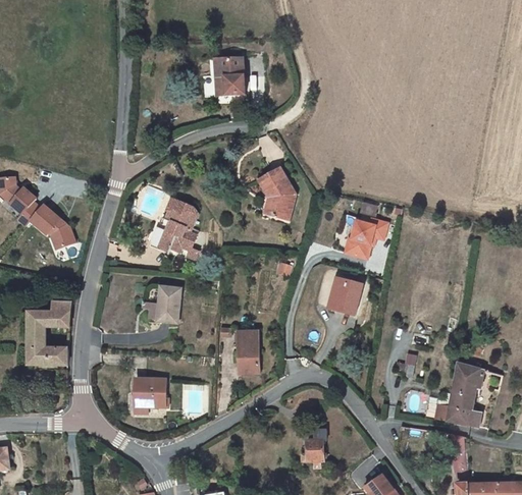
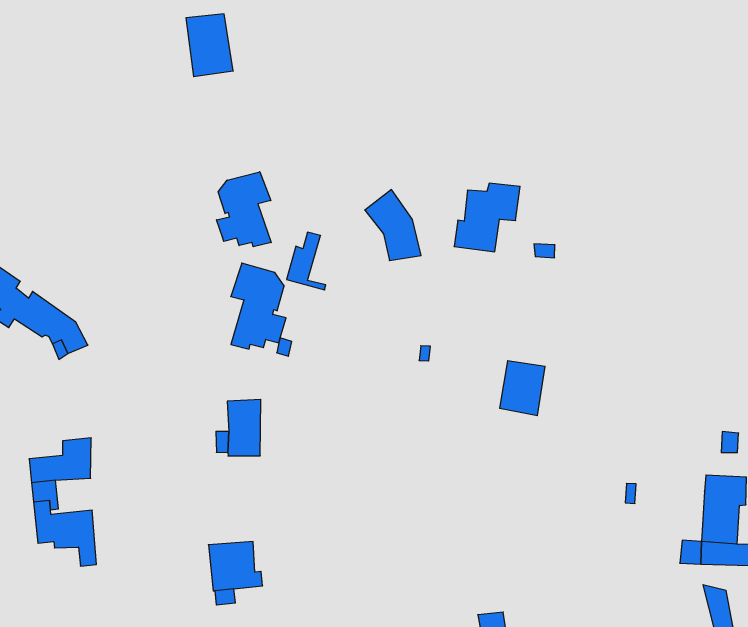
building: [218,61,245,99] -> [186,14,233,77]
building: none -> [217,172,271,247]
building: [341,218,386,262] -> [454,183,520,252]
building: [152,220,176,258] -> [287,232,326,290]
building: [234,332,258,374] -> none

